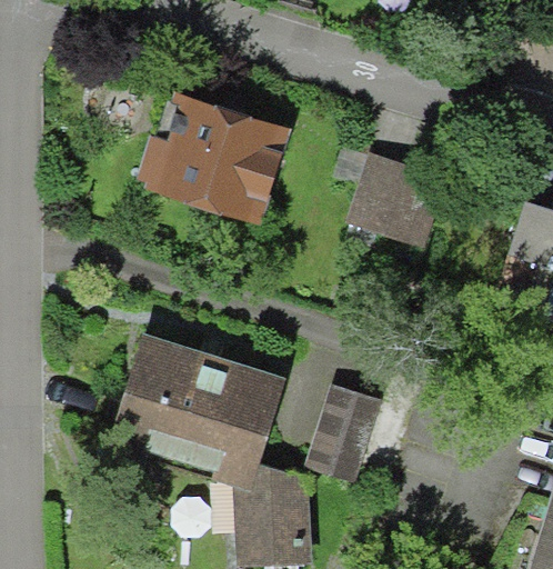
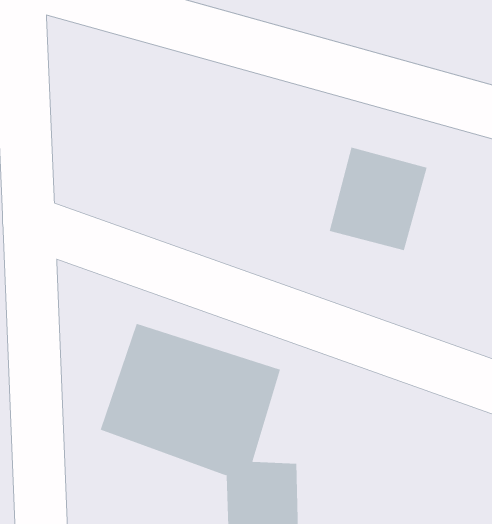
building: [140,90,298,224] -> none
building: [299,382,378,482] -> none

